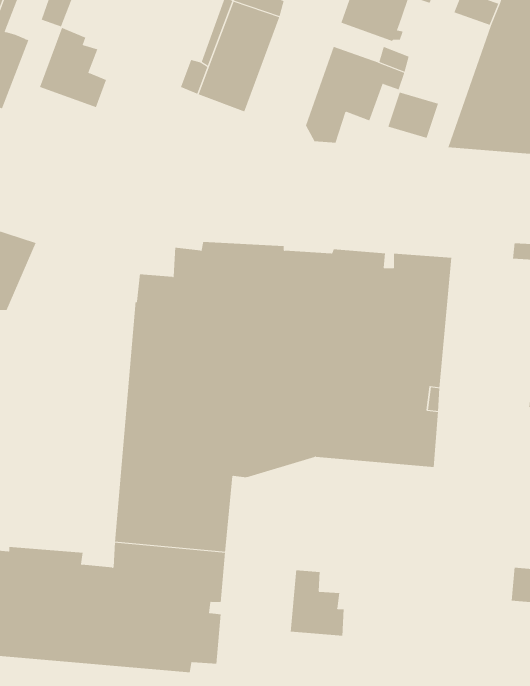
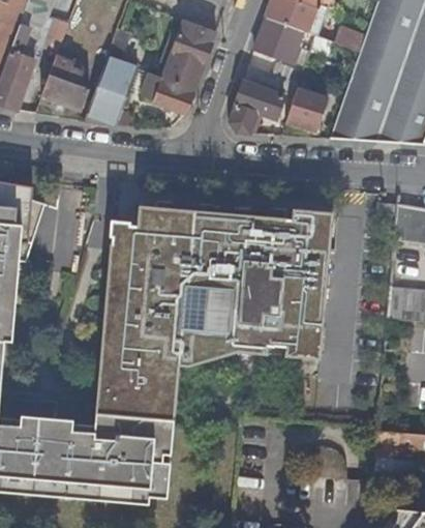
building: none -> [85,55,139,122]
building: [290,569,344,637] -> none

